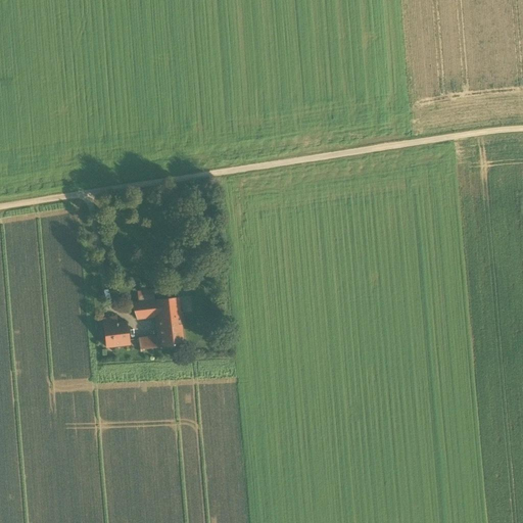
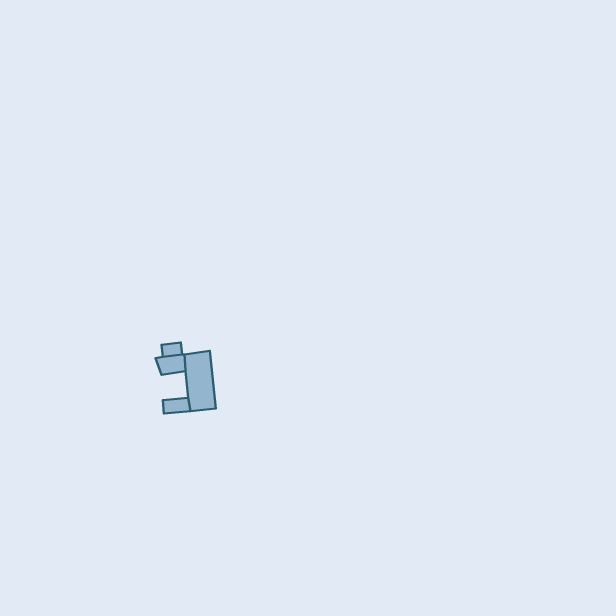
building: [102,318,130,348] -> none

